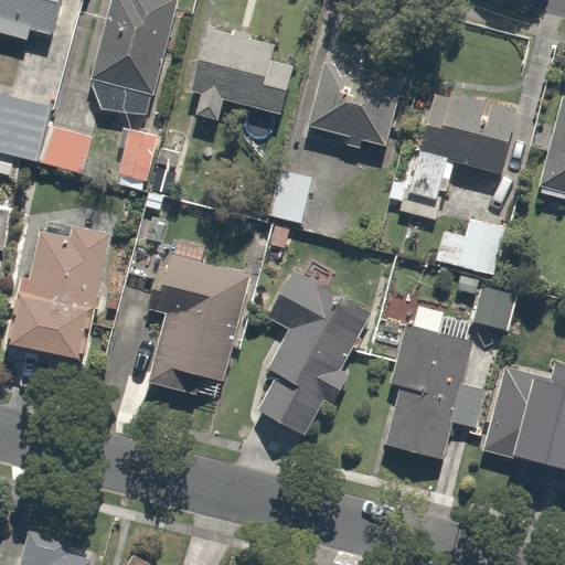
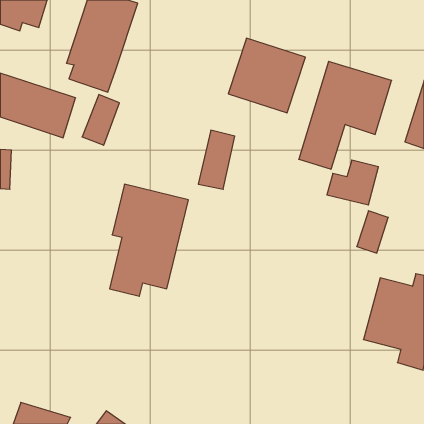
building: [192,25,290,126] -> none
building: [12,222,113,361] -> none
building: [250,264,369,443] -> none
building: [380,320,486,462] -> none

